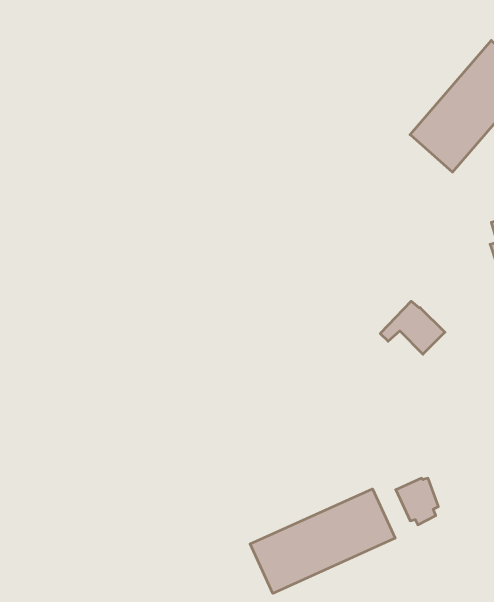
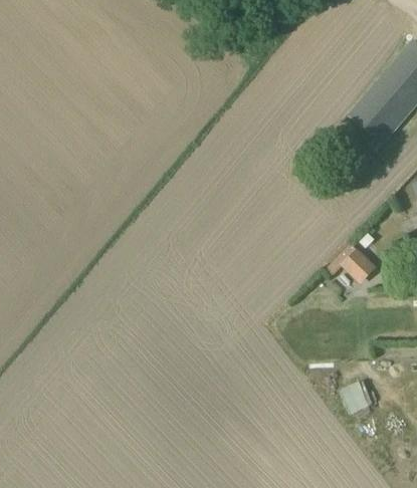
building: [250,489,395,593] -> none

